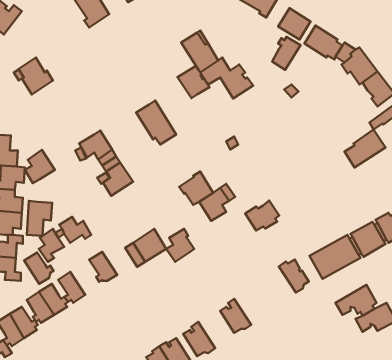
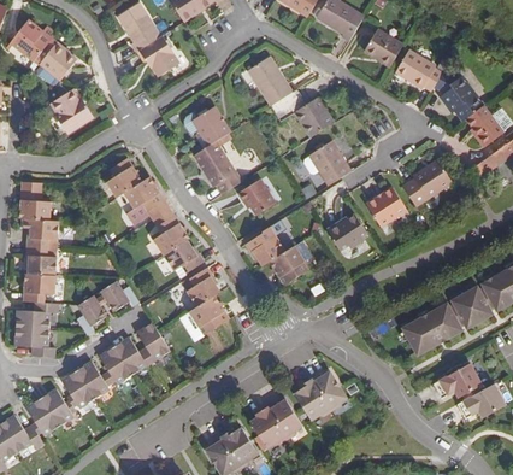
building: none -> [138,35,178,76]
building: none -> [40,42,76,80]
building: [272,37,301,70] -> none
building: [177,66,209,98] -> [191,106,230,145]
building: none -> [308,140,350,184]
building: [344,130,385,168] -> [402,159,452,205]
building: none -> [237,178,275,215]
building: none -> [365,187,406,225]
building: [25,150,55,183] -> [106,157,142,197]
building: none -> [163,239,204,272]
building: [245,200,279,231] -> [325,213,366,250]
building: [27,201,52,236] -> none
building: [166,229,194,262] -> [185,266,219,306]
building: [24,253,53,284] -> [113,336,148,374]
building: [279,260,309,293] -> [311,370,347,410]
building: none -> [267,398,302,438]

